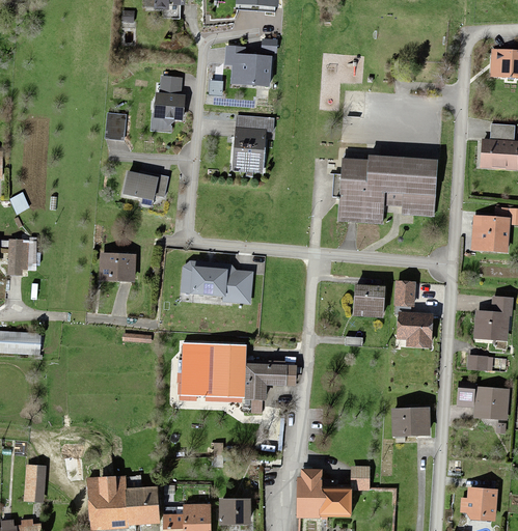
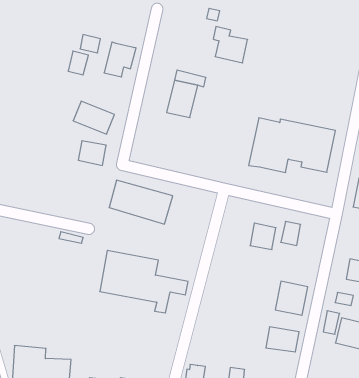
building: [228,45,270,84] -> [213,26,248,63]
building: [159,77,182,96] -> [80,35,100,53]
building: [100,255,131,281] -> [78,141,106,165]
building: [396,311,431,348] -> [275,281,308,315]

